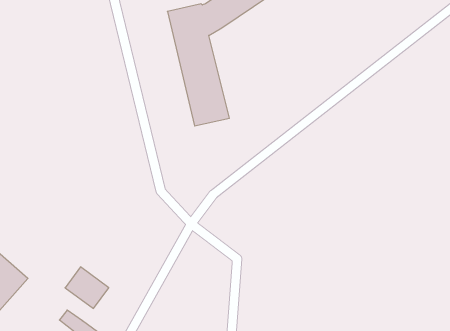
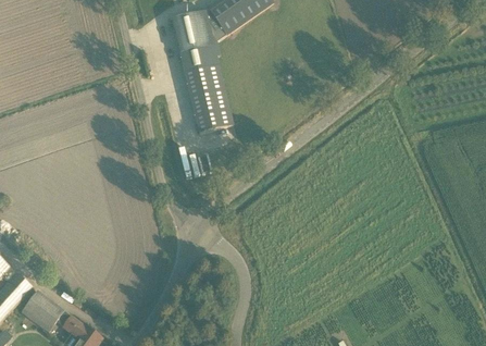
building: [65,267,109,308] -> [18,291,62,332]

